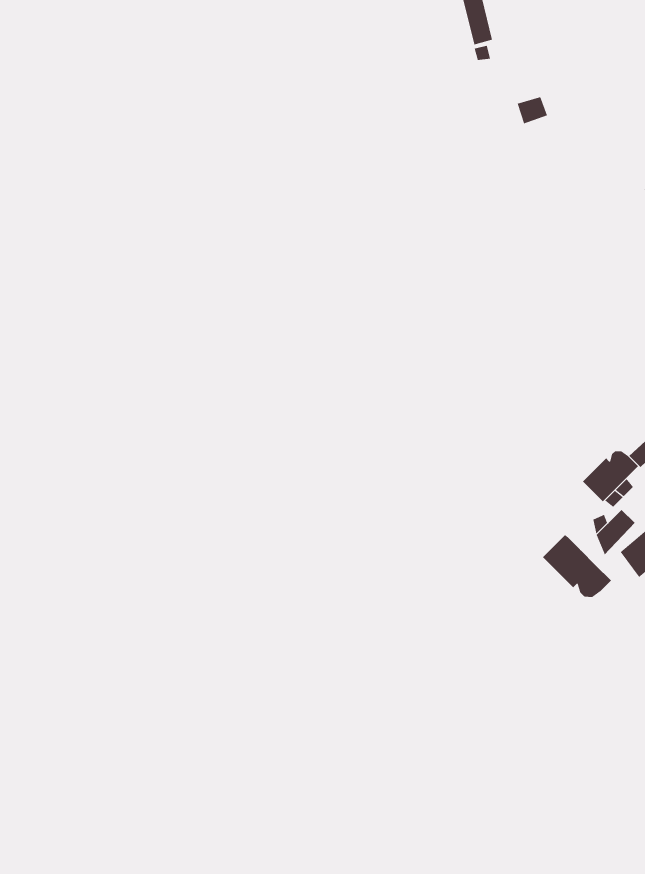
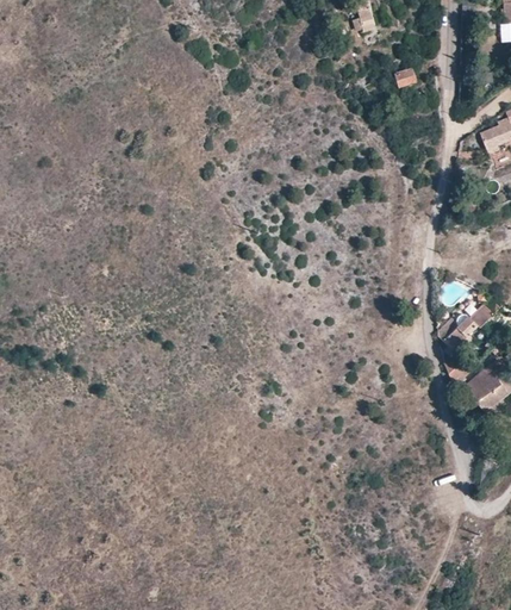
building: [542,534,612,598] -> none

